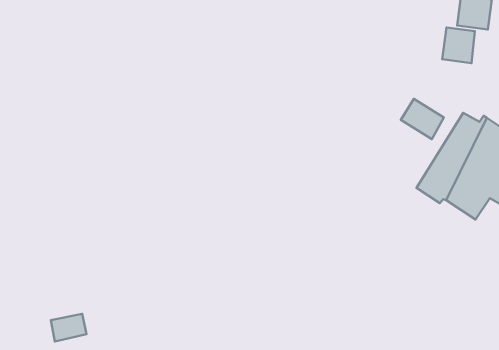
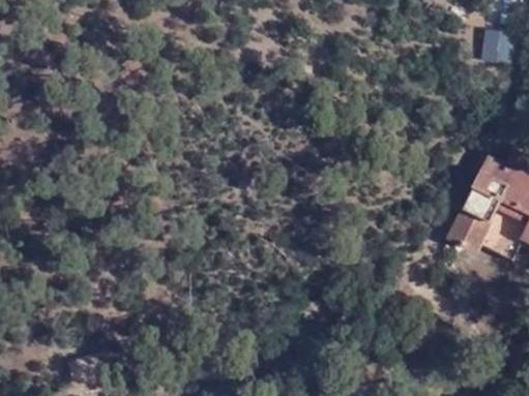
building: [442,27,475,63] -> none
building: [401,99,444,139] -> none

